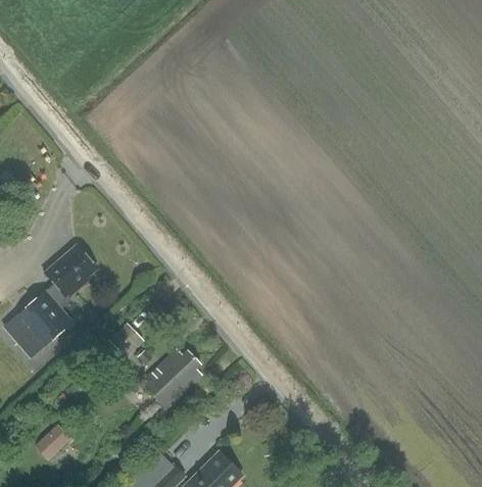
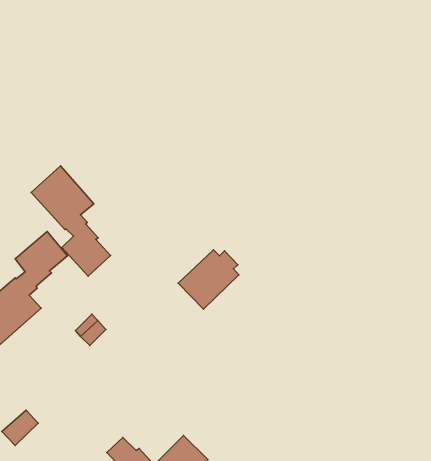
building: none -> [31,166,111,276]
building: [140,348,201,408] -> [178,250,239,309]

